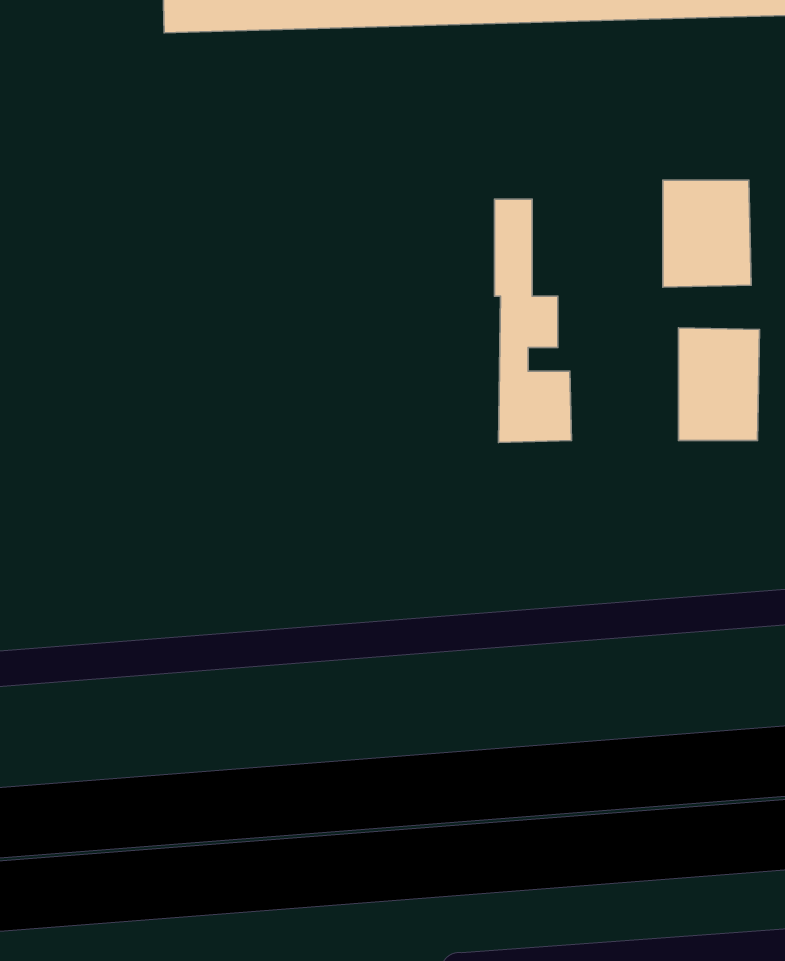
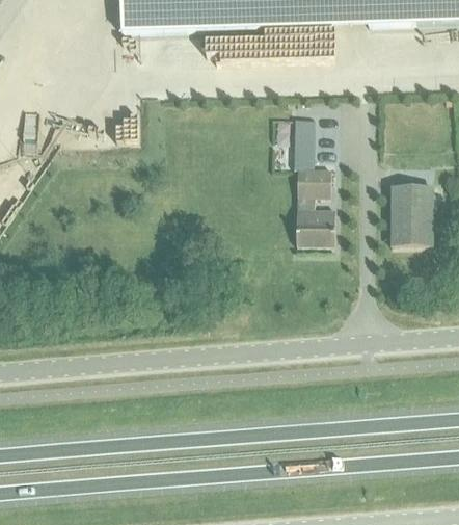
building: [663,180,751,287] -> none

